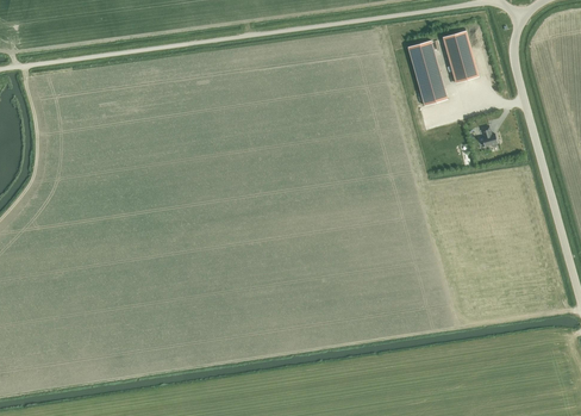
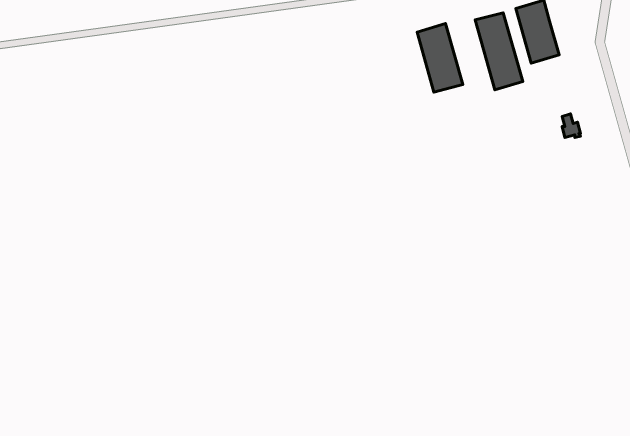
building: none -> [417,24,463,92]

